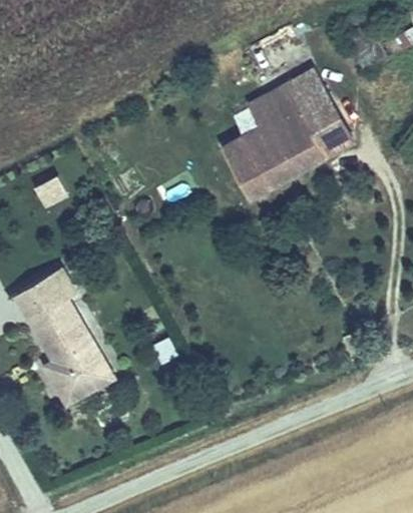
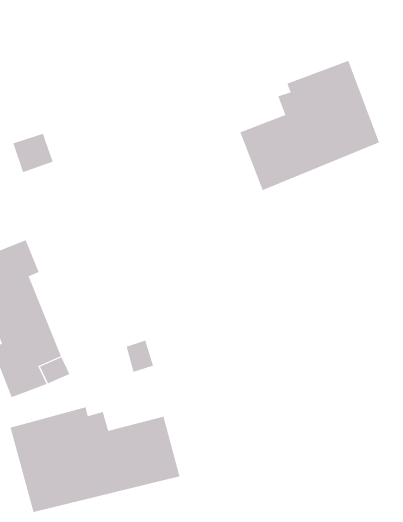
building: none -> [10,406,180,513]

